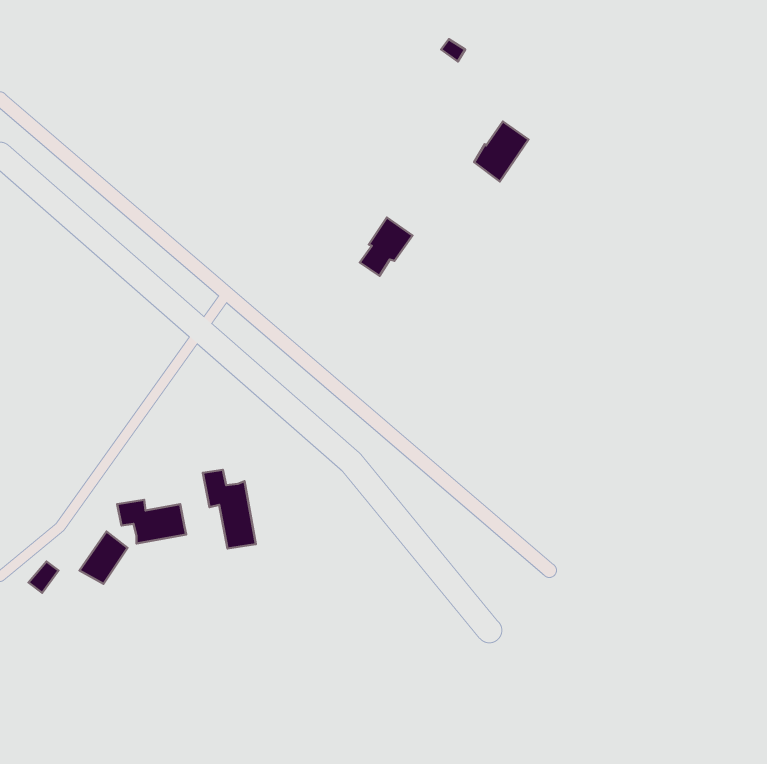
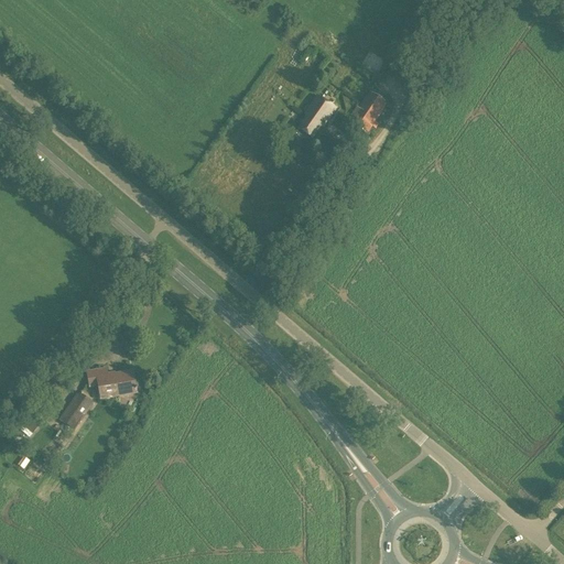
building: [360,217,412,276] -> [297,94,336,137]
building: [203,470,256,549] -> none

